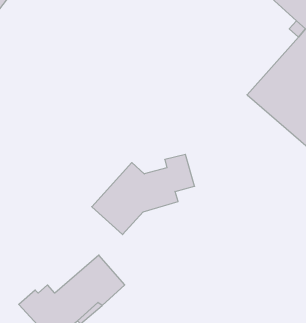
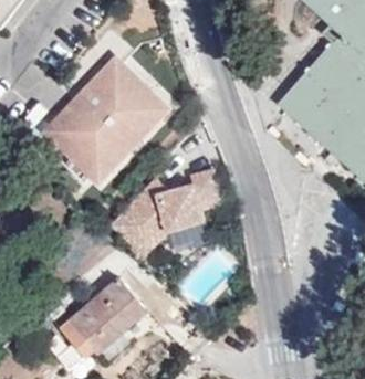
building: none -> [42,54,171,185]

